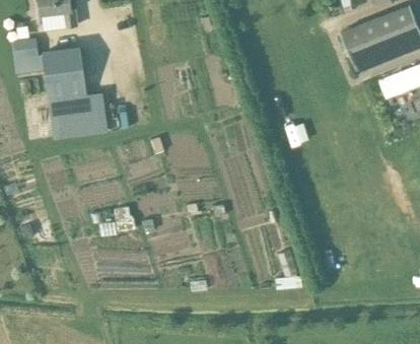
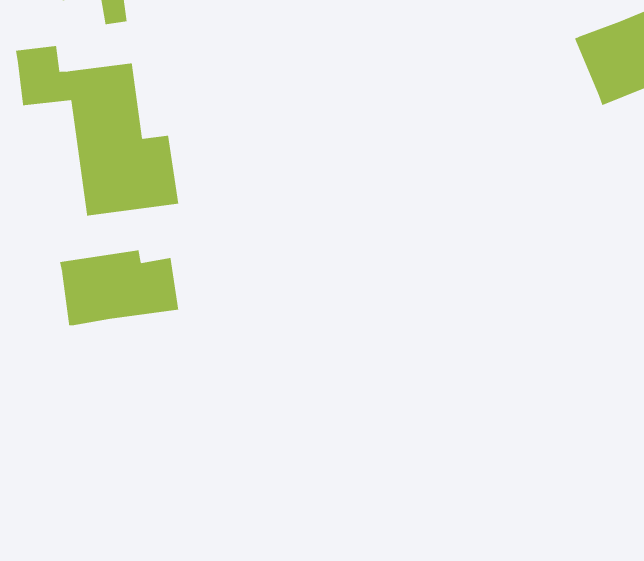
building: none -> [60,249,179,326]

